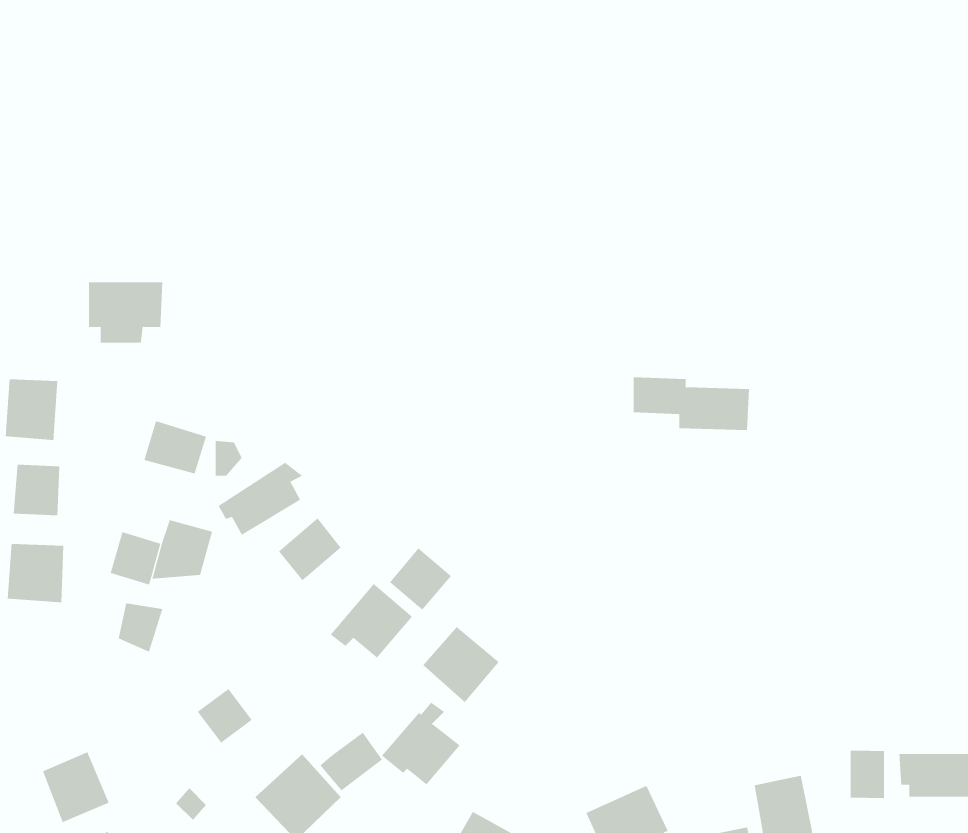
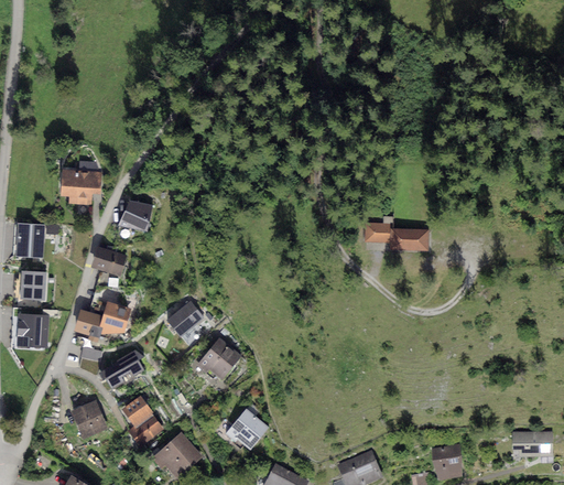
building: none -> [118,201,152,231]
building: [218,462,303,535] -> [98,351,145,391]
building: [389,548,452,611] -> none
building: [423,626,500,703] -> none
building: [319,732,383,791] -> [129,413,164,446]
building: [850,750,884,799] -> none
building: [42,751,110,823] -> [72,400,109,440]

